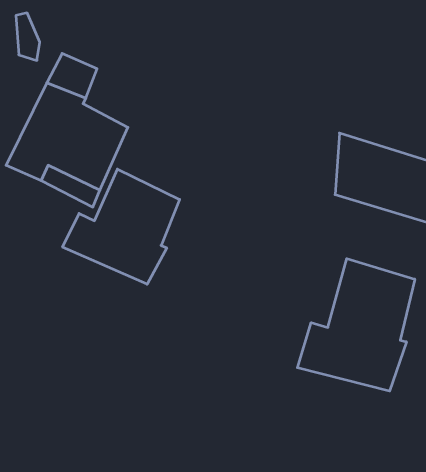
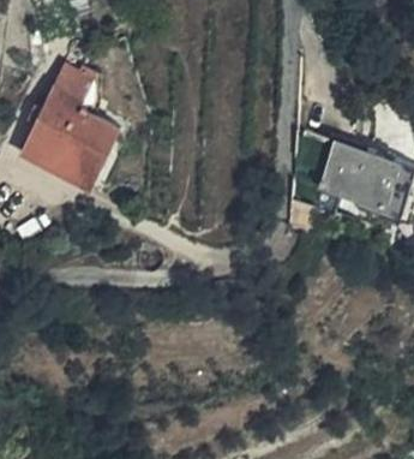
building: [63,169,180,284] -> none
building: [297,259,415,391] -> none

